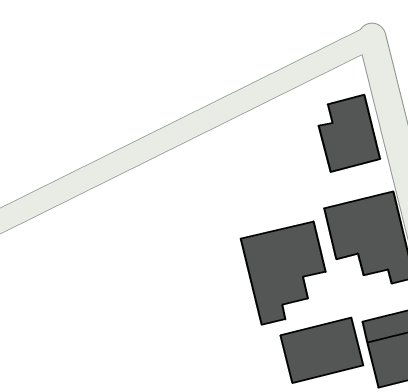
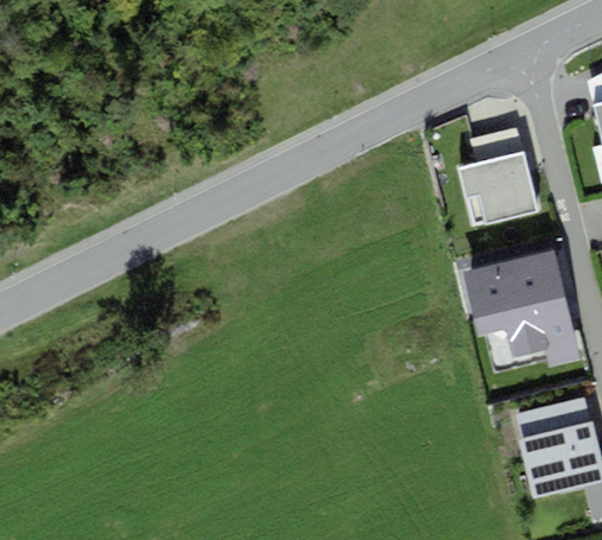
building: [241,221,326,325] -> none
building: [281,318,363,383] -> none

